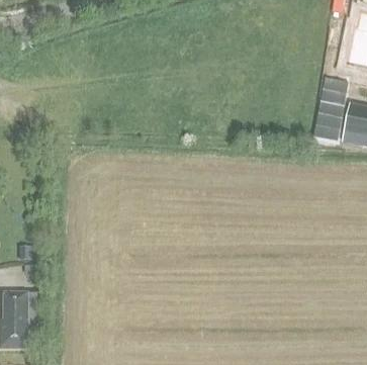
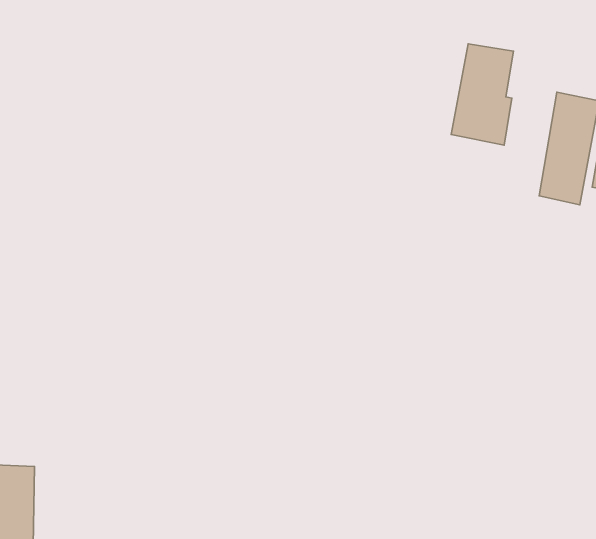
building: none -> [451,44,513,145]

